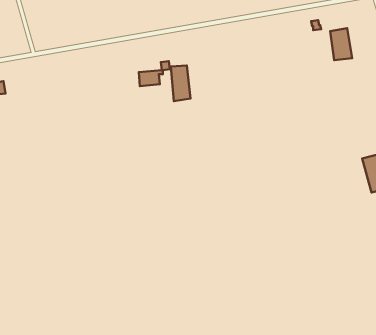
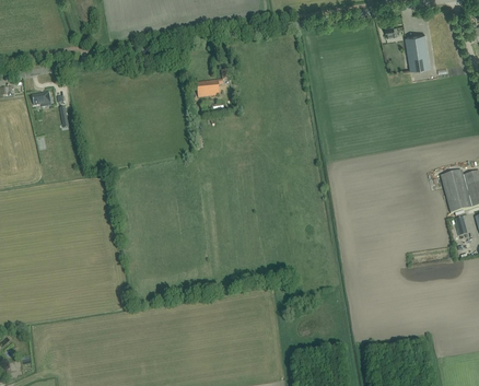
building: [171,65,190,101] -> none

